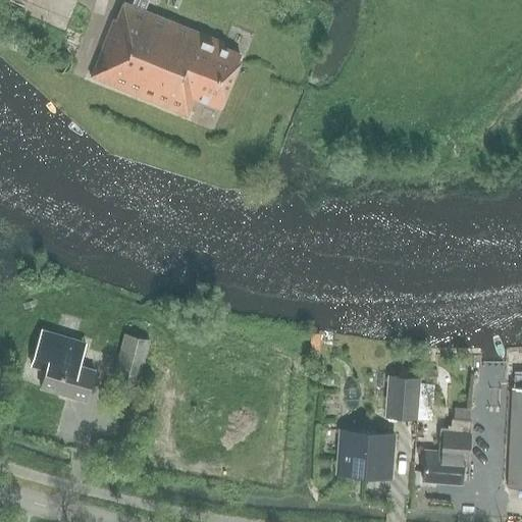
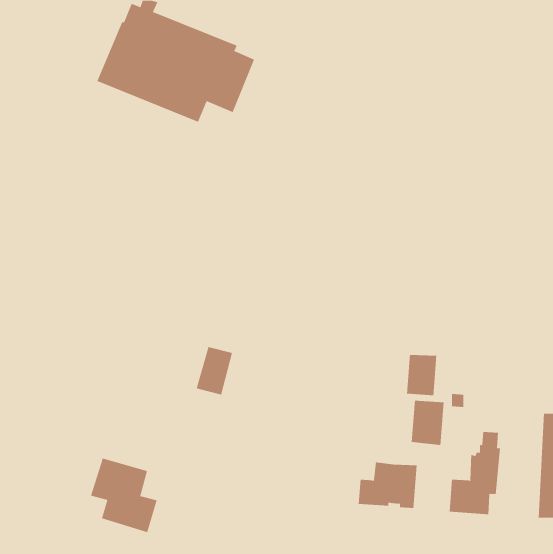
building: [32,330,95,401] -> [90,458,158,533]
building: none -> [406,354,437,396]
building: [114,334,149,380] -> [196,346,233,395]

